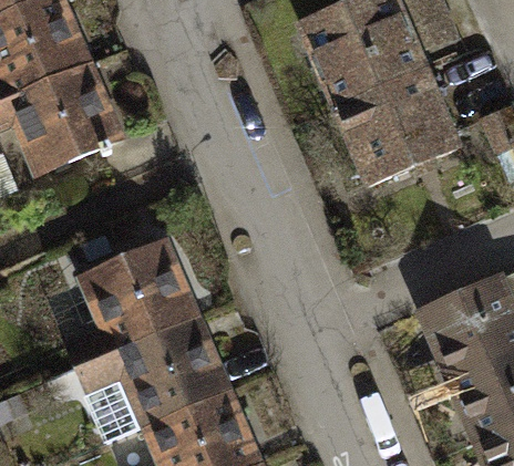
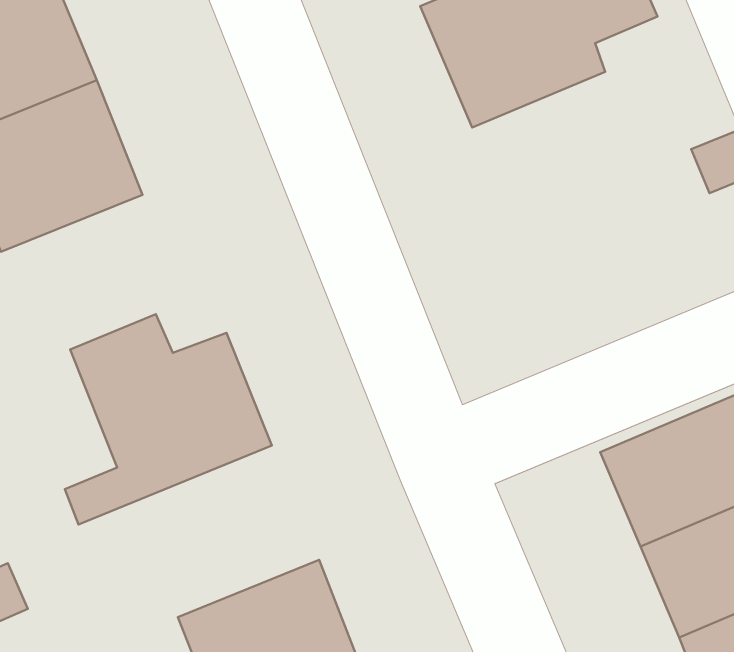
building: [336,69,458,185] -> none
building: [76,314,235,427] -> none

